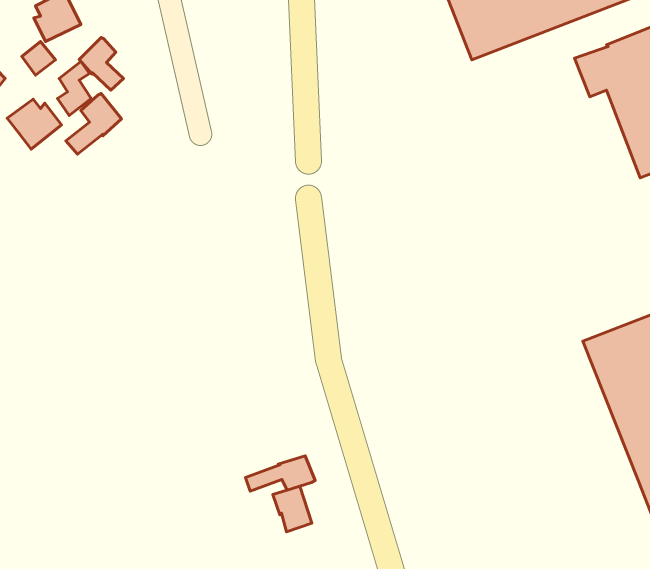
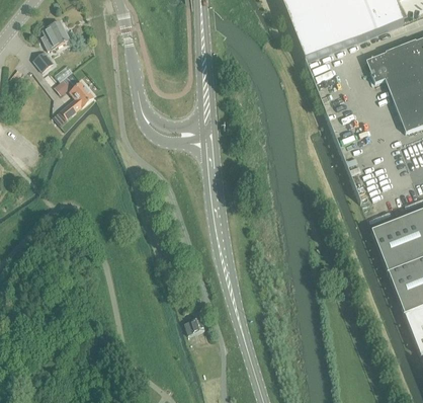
building: [79,37,123,90] -> none
building: [7,99,61,149] -> none
building: [245,456,315,491] -> none

